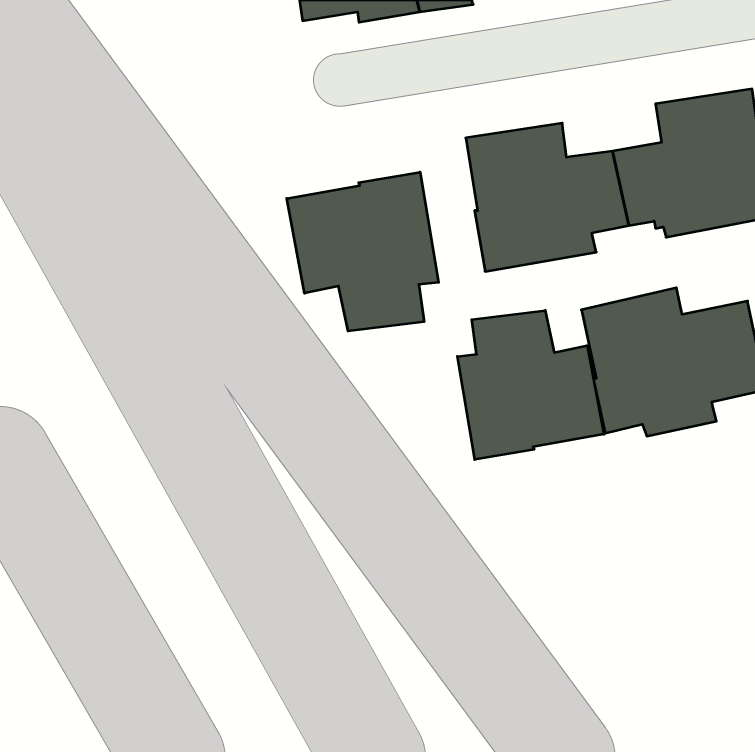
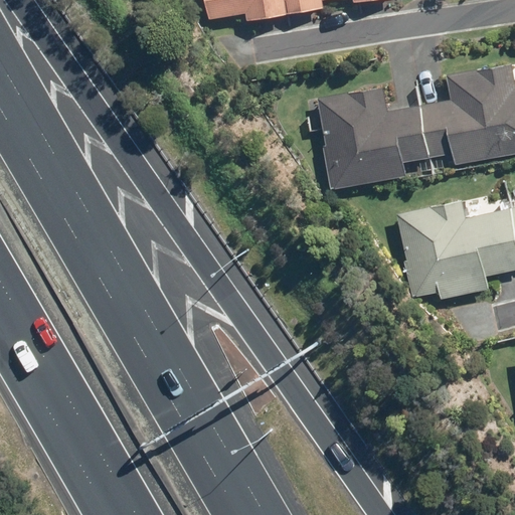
building: [287,172,439,331] -> none
building: [457,310,604,460] -> none

